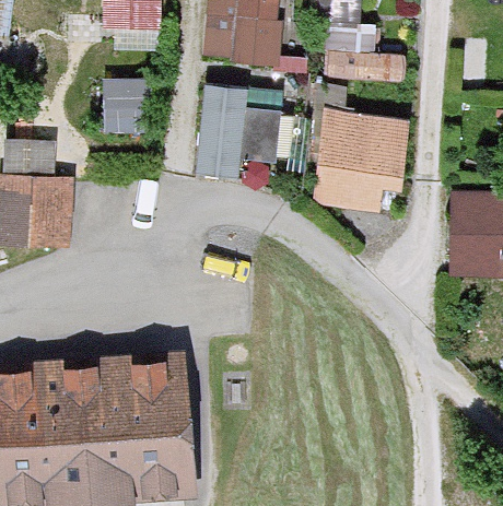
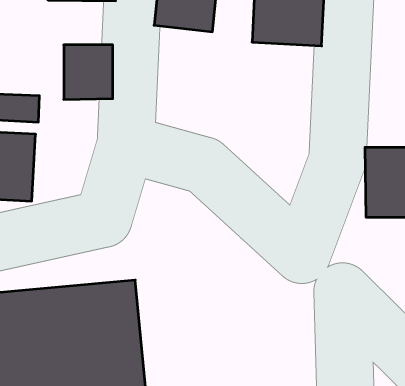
building: [197,85,285,175] -> none
building: [317,113,409,214] -> none

